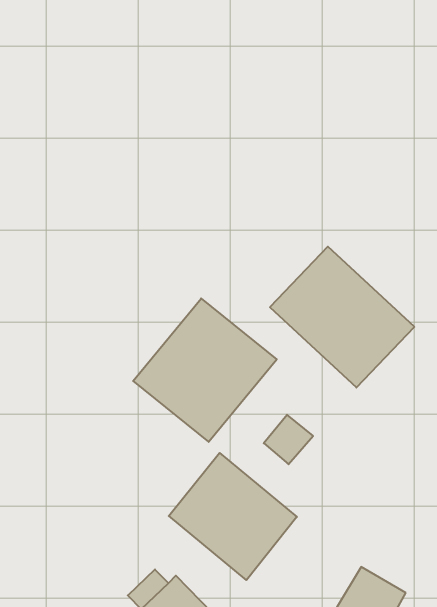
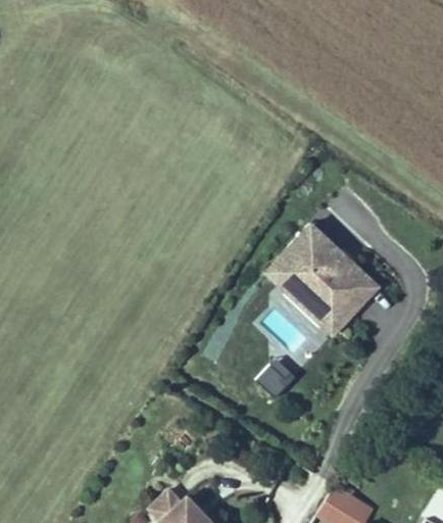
building: [133,298,277,442] -> none
building: [169,453,297,580] -> none

